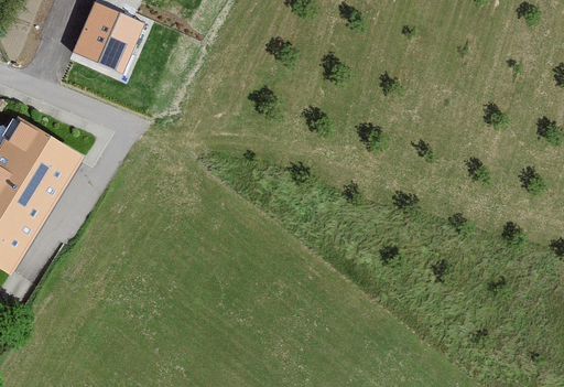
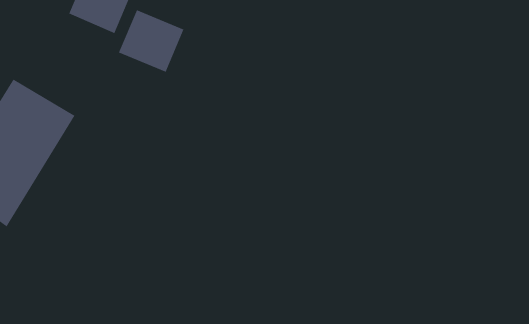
building: none -> [118,9,184,73]

